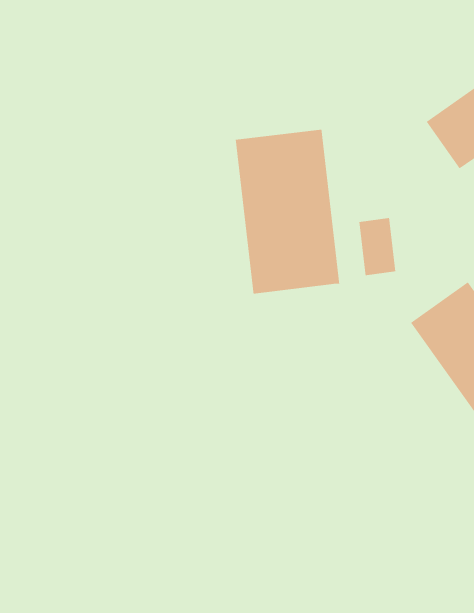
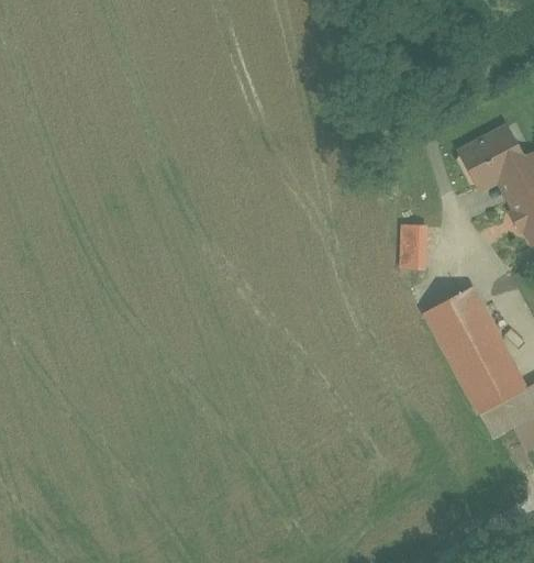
building: [235,129,340,294] -> none

